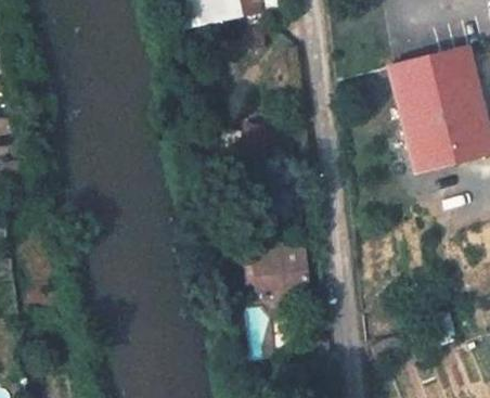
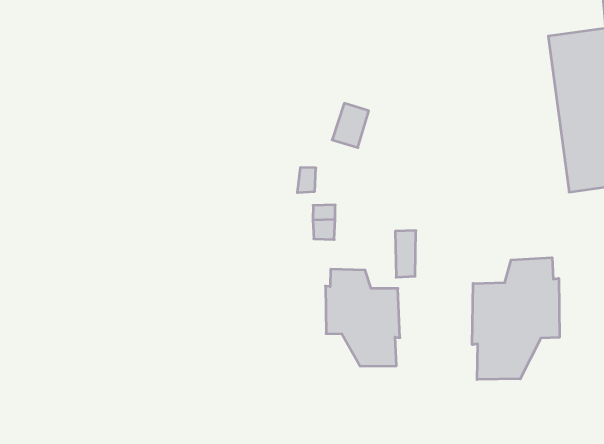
building: none -> [472,258,559,380]

